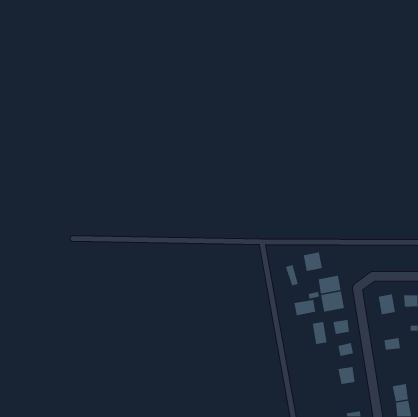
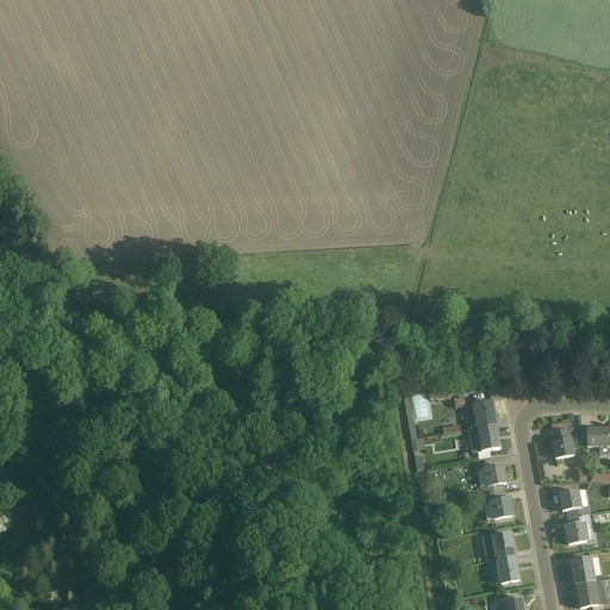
building: [303,252,323,272] -> none
building: [294,299,316,316] -> none
building: [312,321,327,345] -> none
building: none -> [562,519,589,546]
building: none -> [494,554,521,583]

